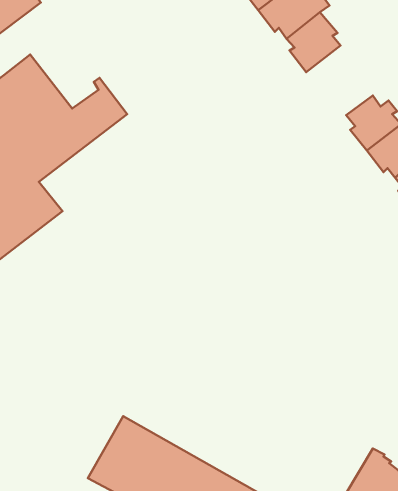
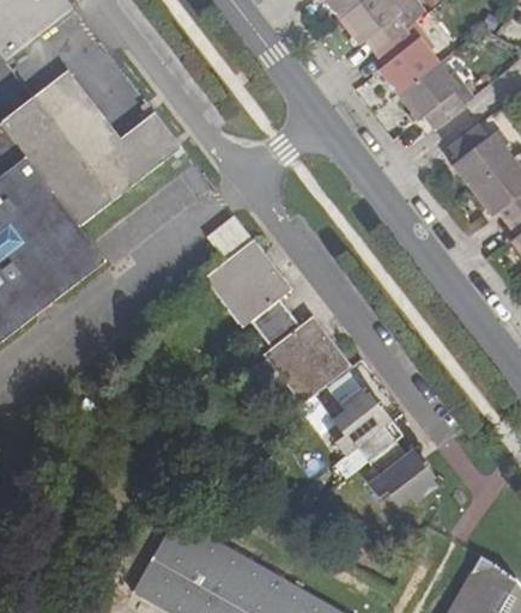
building: none -> [400,63,477,131]
building: none -> [204,217,351,406]
building: none -> [332,389,436,506]

